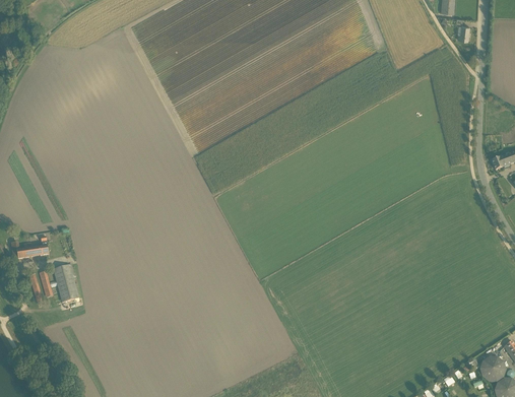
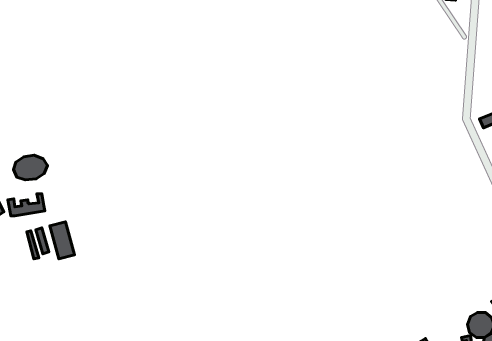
building: none -> [14,155,47,180]

